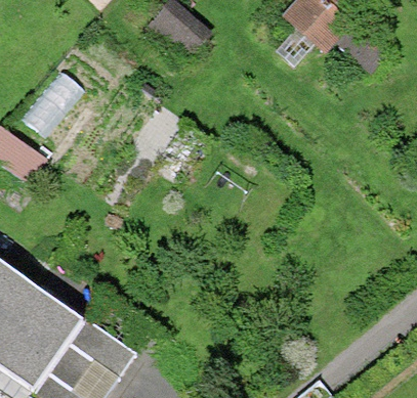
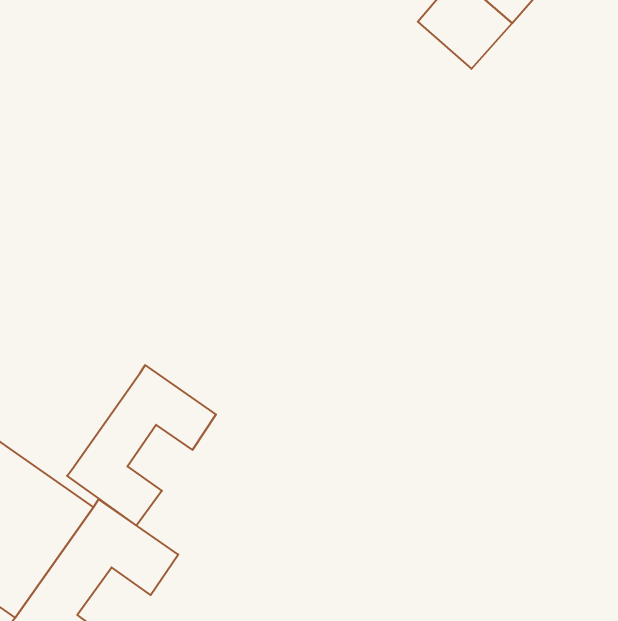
building: none -> [67,365,216,525]

